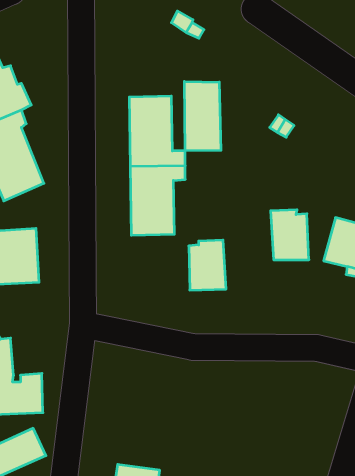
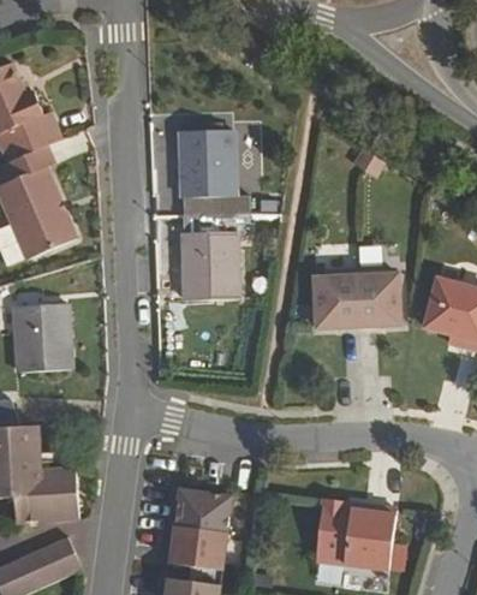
building: [184,81,221,151] -> none
building: [189,240,226,290] -> [312,269,358,331]
building: none -> [169,492,232,573]
building: none -> [314,500,395,575]

